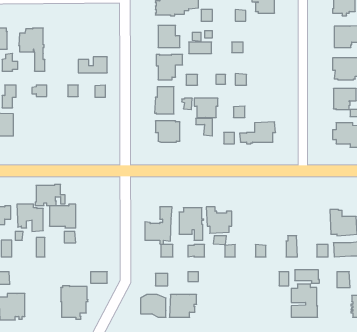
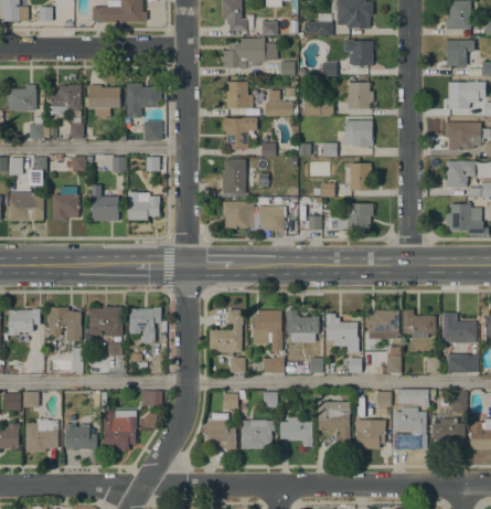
building: none -> [346,83,372,109]
building: none -> [85,85,119,116]
building: none -> [126,85,160,118]
building: none -> [342,121,373,149]
building: none -> [342,163,371,191]
building: [194,98,218,117] -> [256,206,286,231]
building: none -> [52,187,78,221]
building: none -> [92,191,118,221]
building: none -> [127,193,159,221]
building: [35,184,65,206] -> [128,308,166,335]
building: none -> [367,310,397,339]
building: none -> [403,310,435,339]
building: none -> [325,314,357,353]
building: none -> [317,401,350,441]
building: none -> [279,417,311,447]
building: none -> [431,418,463,448]
building: none -> [355,421,385,449]
building: none -> [64,424,96,450]

